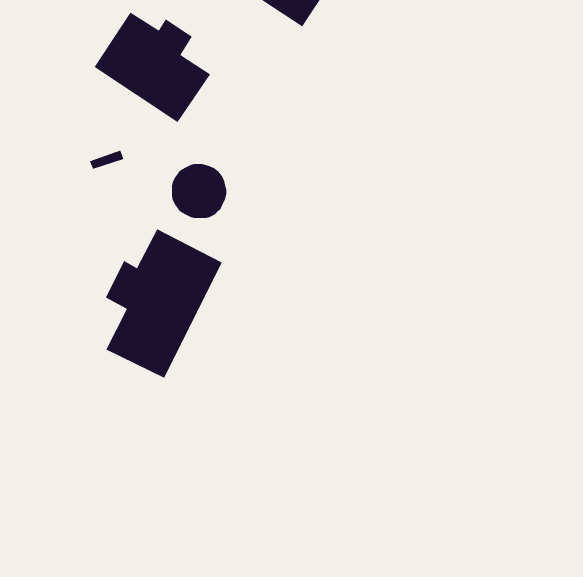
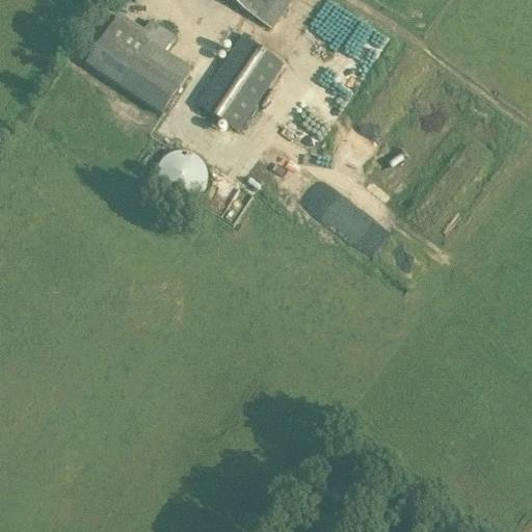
building: none -> [196,31,285,131]
building: [105,228,223,379] -> none

